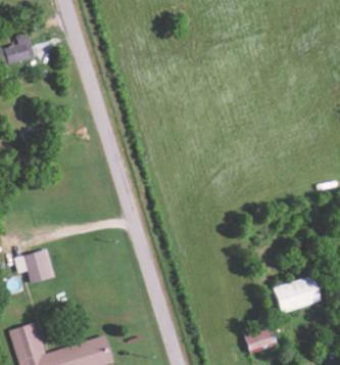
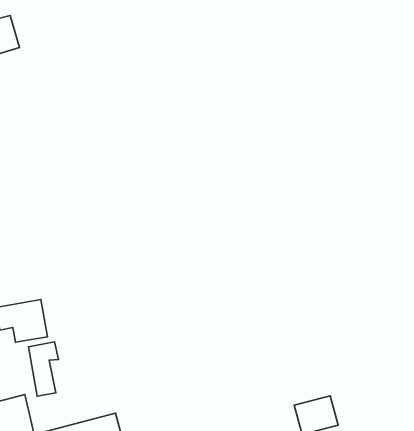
building: [275,275,323,313] -> none
building: none -> [28,342,58,396]

